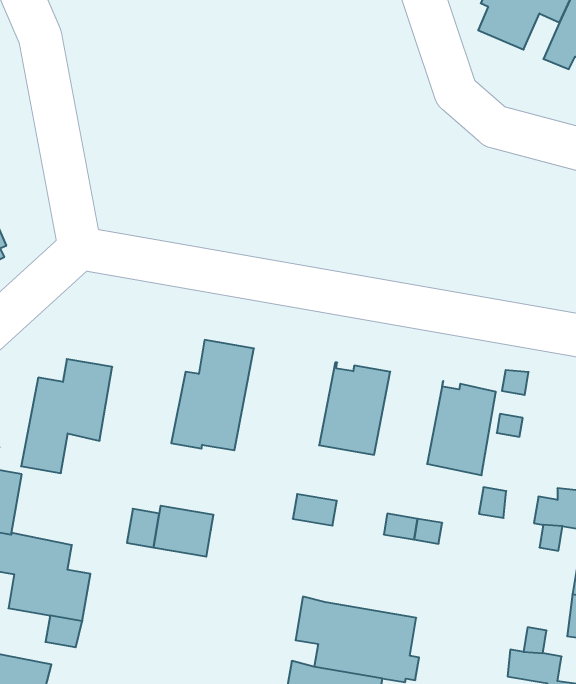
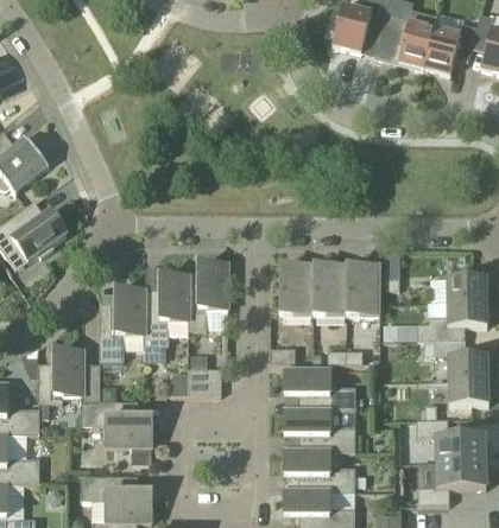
building: none -> [144,274,189,345]
building: none -> [312,262,347,314]
building: none -> [284,368,355,409]

